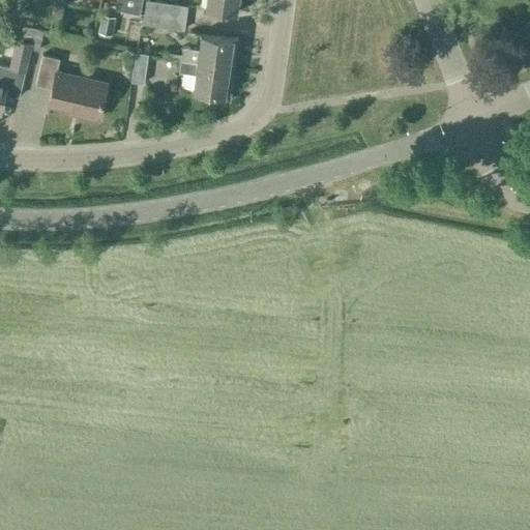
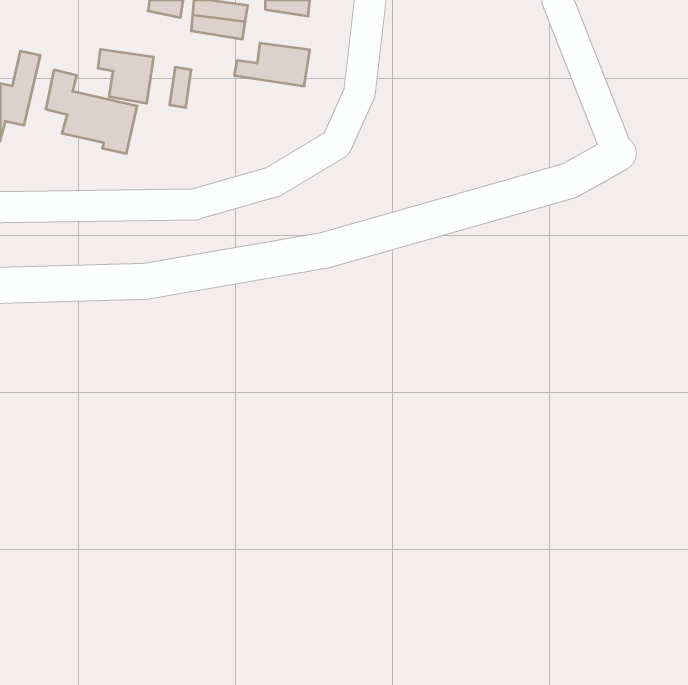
building: none -> [98,49,153,103]
building: [178,60,234,101] -> none

